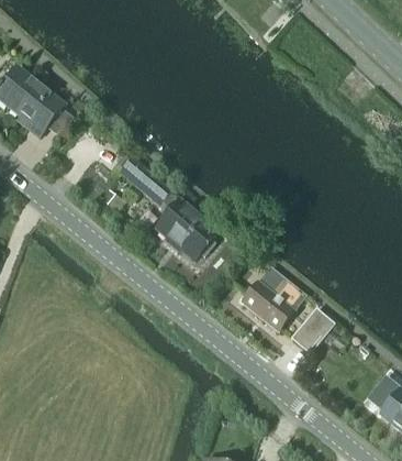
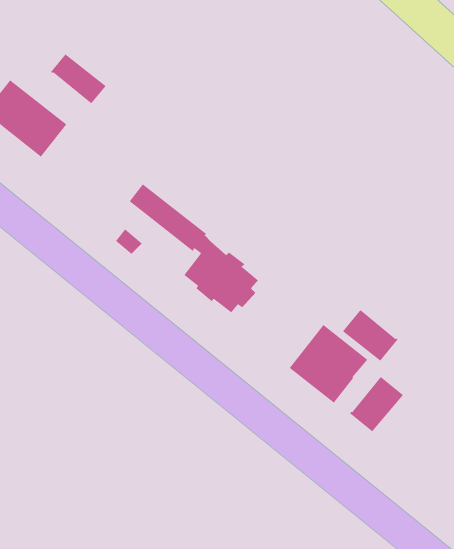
building: none -> [50,54,106,104]
building: none -> [342,309,398,361]

